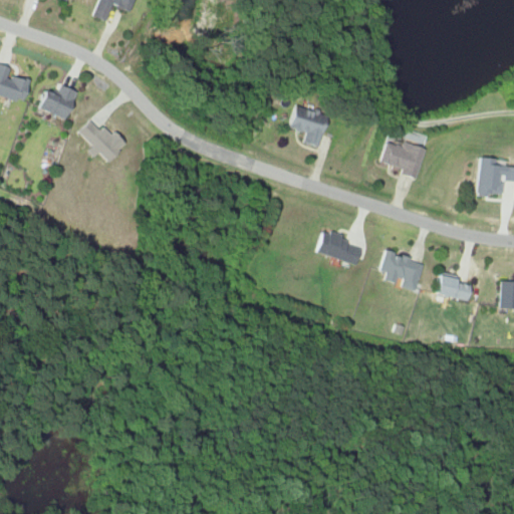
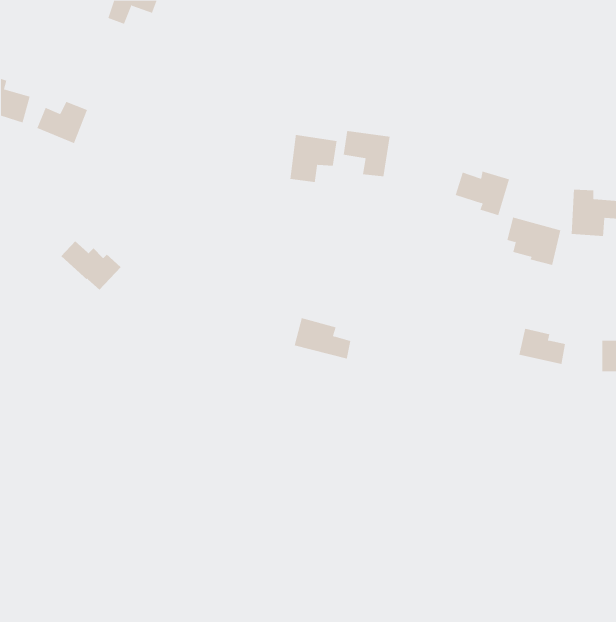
building: none -> [290,134,337,183]
building: [77,120,127,162] -> [60,240,121,290]
building: [314,230,361,264] -> [294,318,351,359]
building: [378,251,424,291] -> [506,217,561,266]

